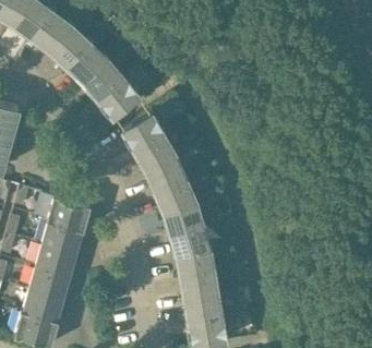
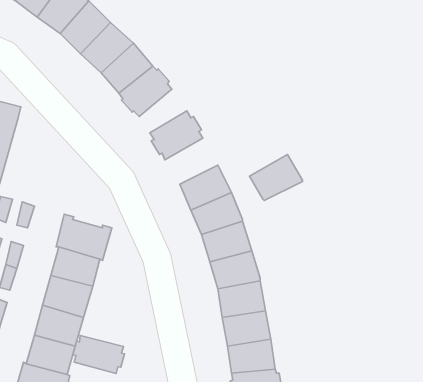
building: [134,135,177,172] -> [249,154,302,201]
building: none -> [73,335,125,373]

